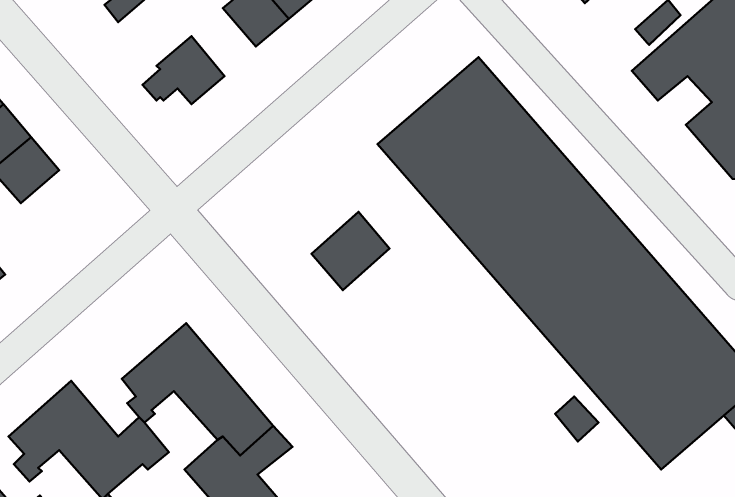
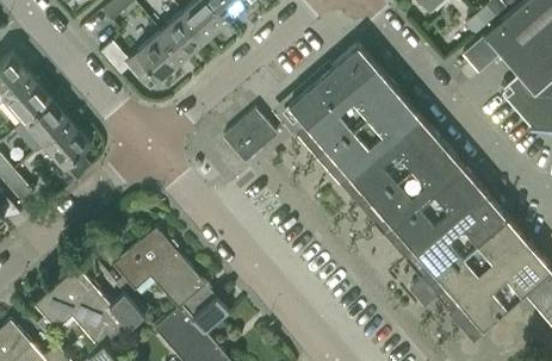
building: none -> [160,12,204,58]
building: none -> [43,123,89,185]
building: [311,212,390,290] -> [223,111,277,164]

